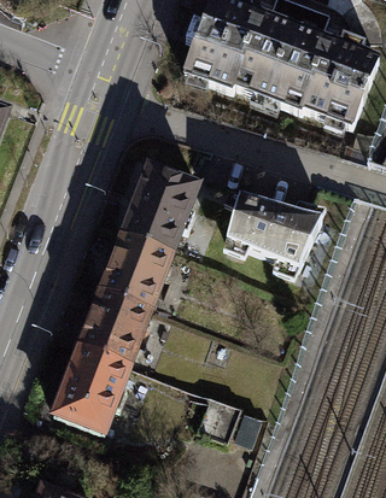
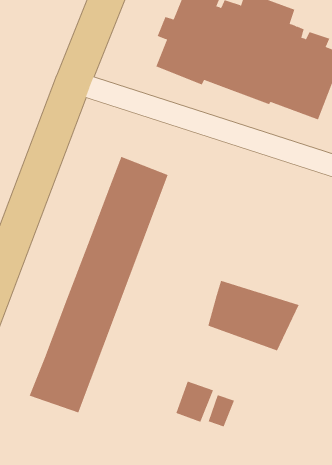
building: [224,194,320,268] -> [208,280,299,351]

